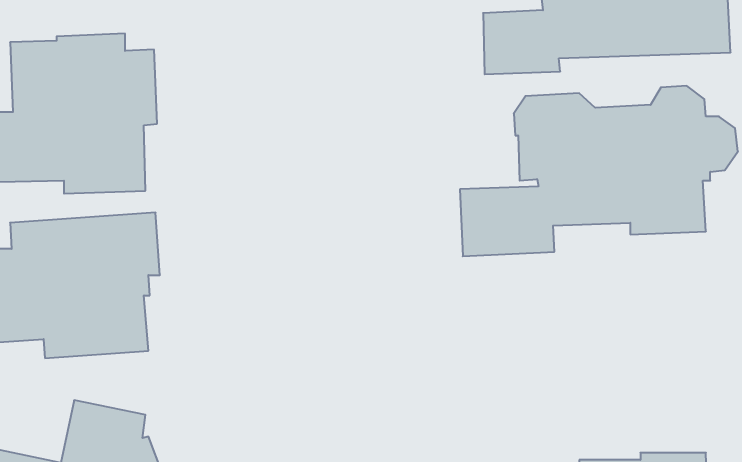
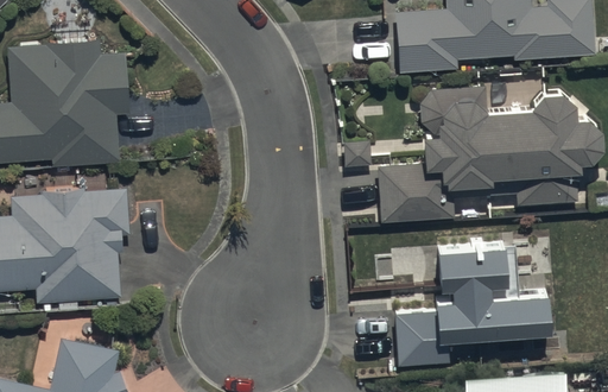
building: none -> [393,245,550,371]

